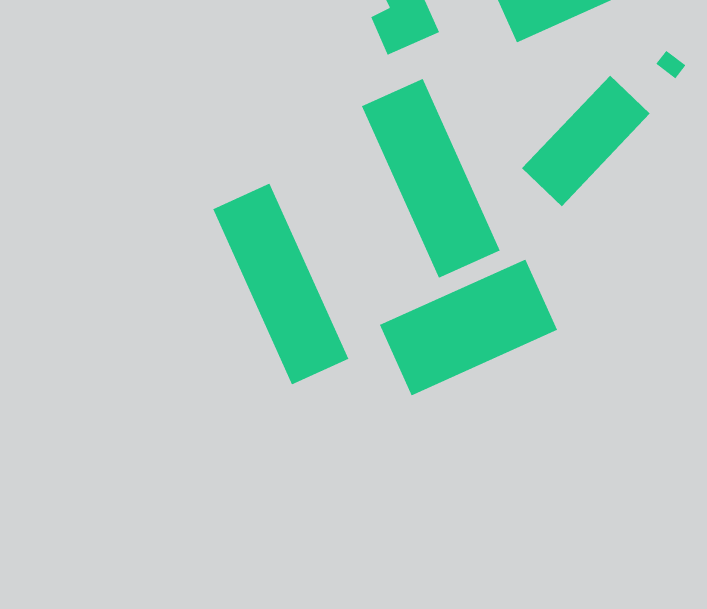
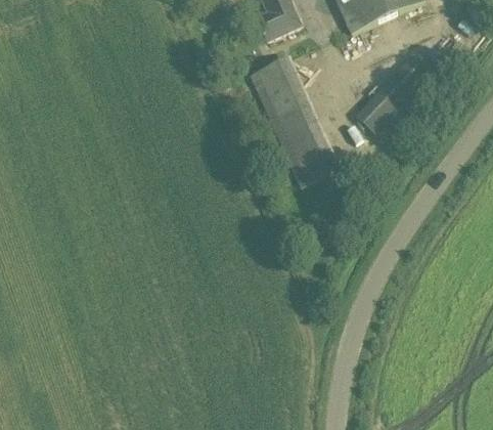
building: [212,183,349,385] -> none
building: [379,258,558,396] -> none

